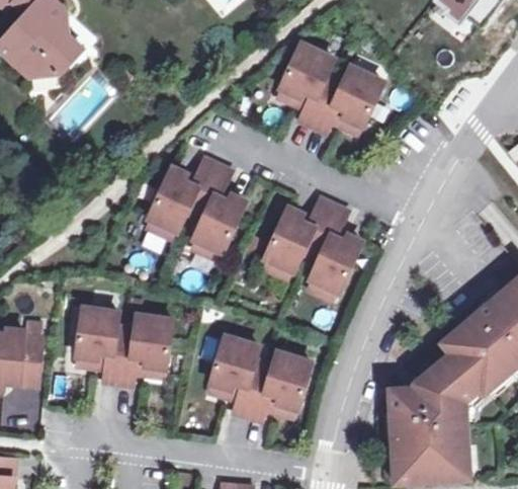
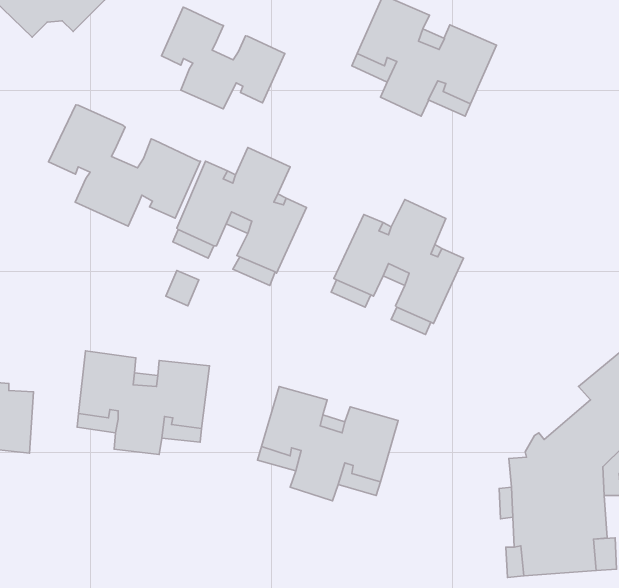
building: none -> [162,7,285,109]
building: none -> [48,105,200,226]

